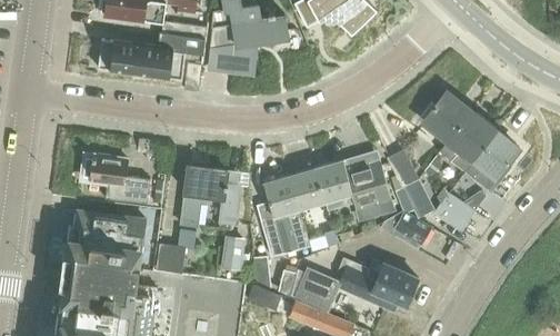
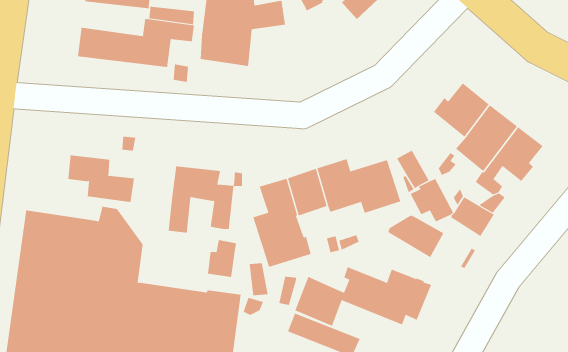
building: [156,229,197,274] -> none

